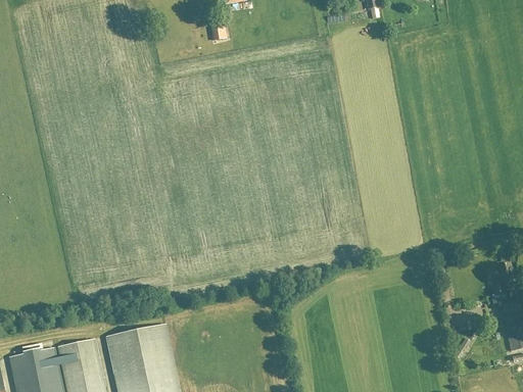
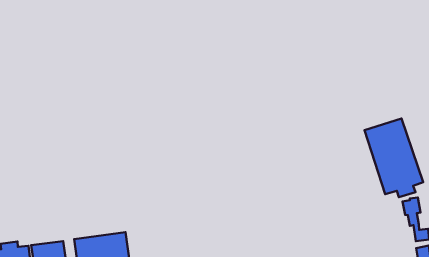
building: none -> [364,118,423,197]

